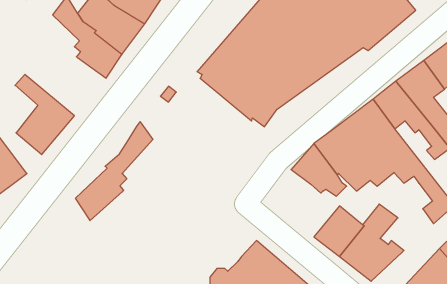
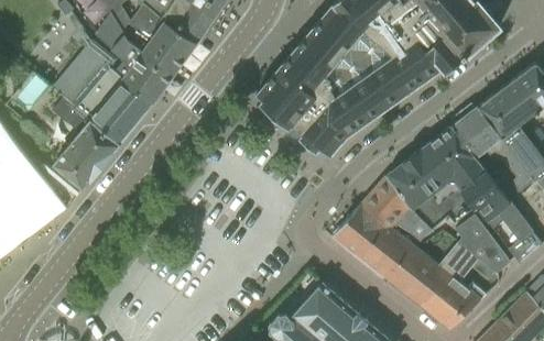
building: none -> [51,40,154,145]
building: [76,122,153,221] -> none
building: none -> [330,205,414,279]
building: none -> [455,215,510,272]

